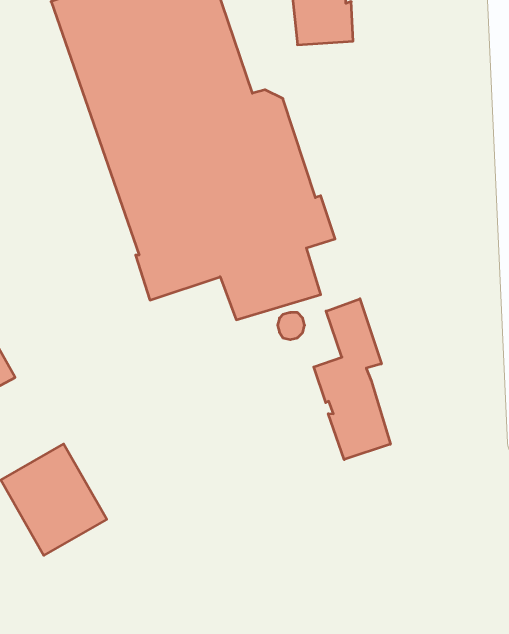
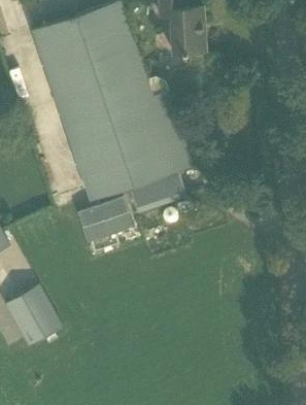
building: none -> [77,197,134,242]
building: [314,299,390,460] -> none

